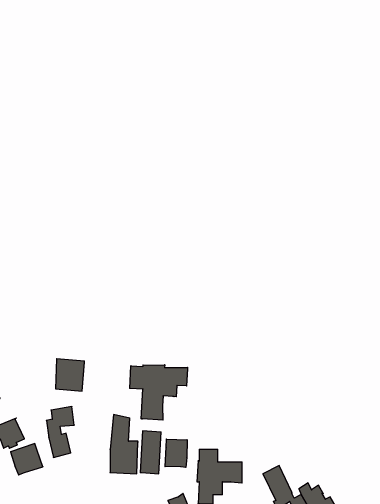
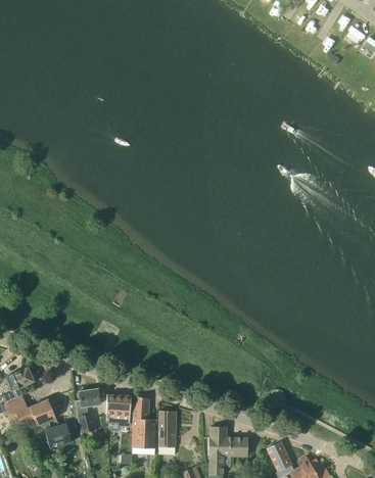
building: [56,359,84,391] -> [105,394,131,423]
building: [130,365,188,420] -> none
building: [165,439,187,467] -> none

